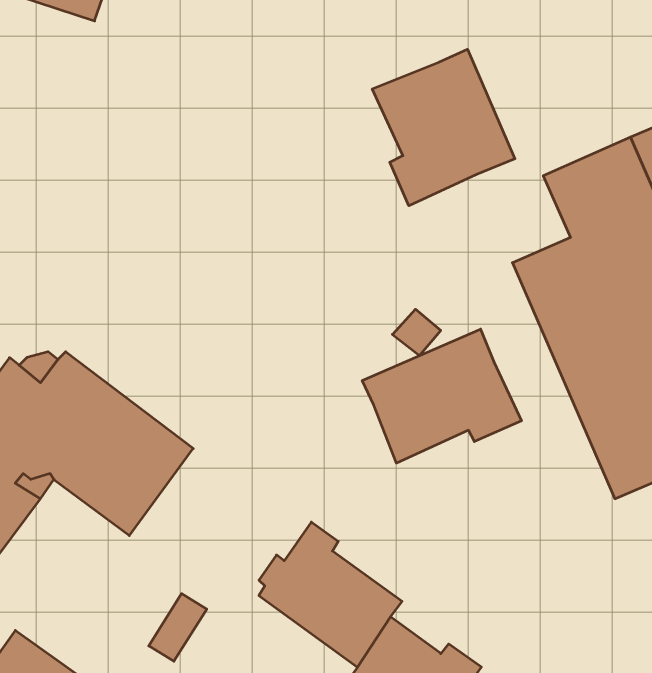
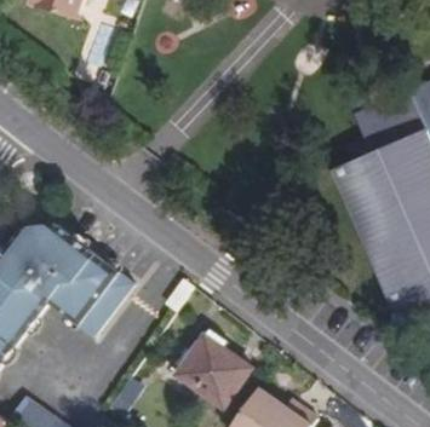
building: [372,49,515,206] -> none
building: [362,329,521,463] -> none

